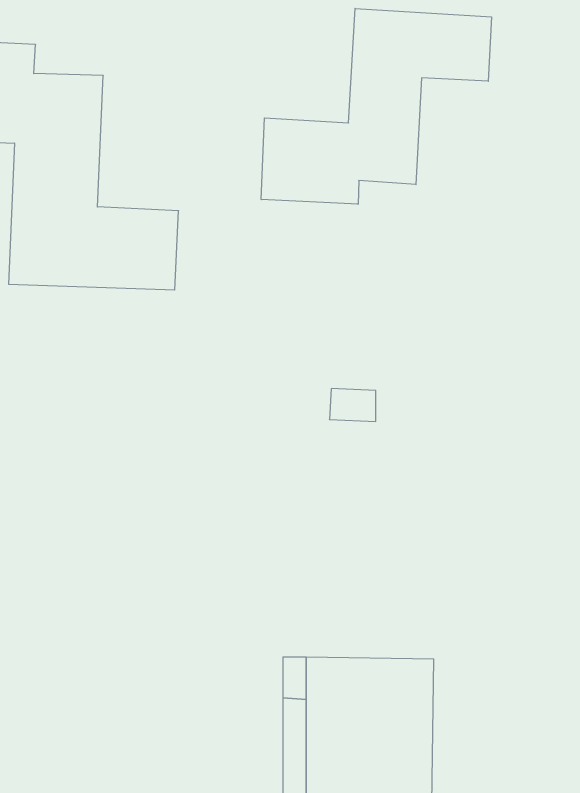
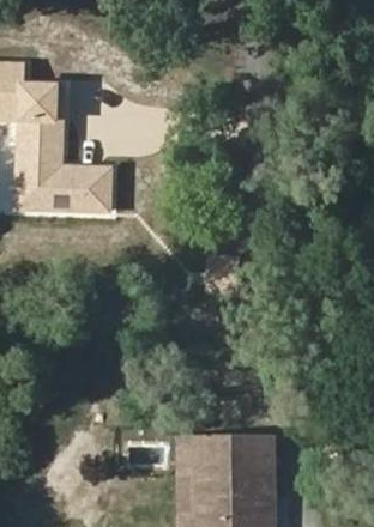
building: [261,8,491,204] -> none

